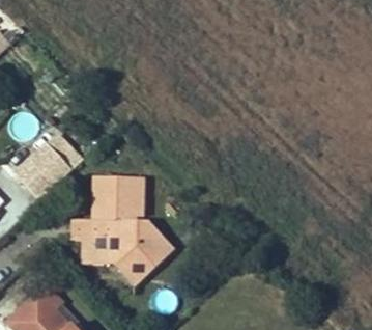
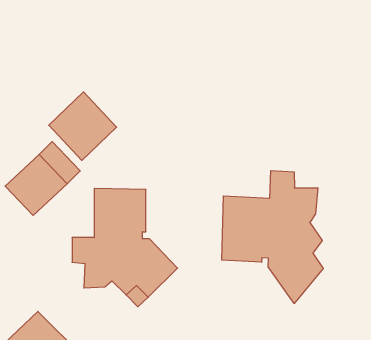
building: none -> [49,92,117,160]
building: none -> [222,171,323,303]

